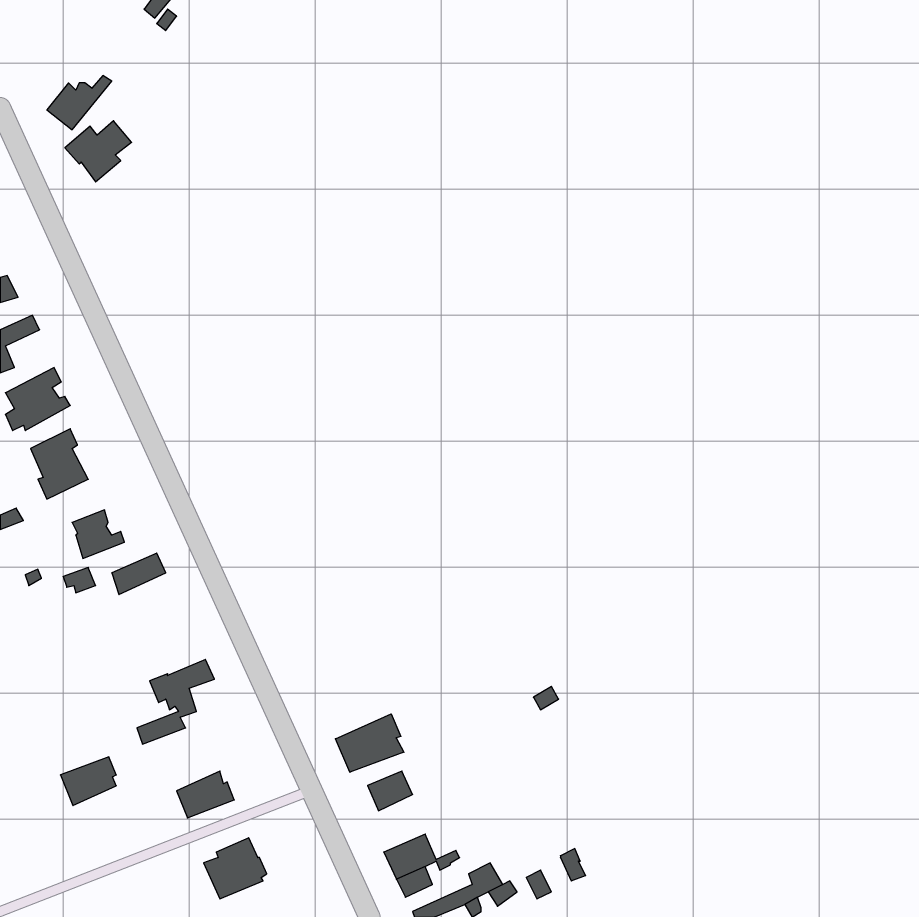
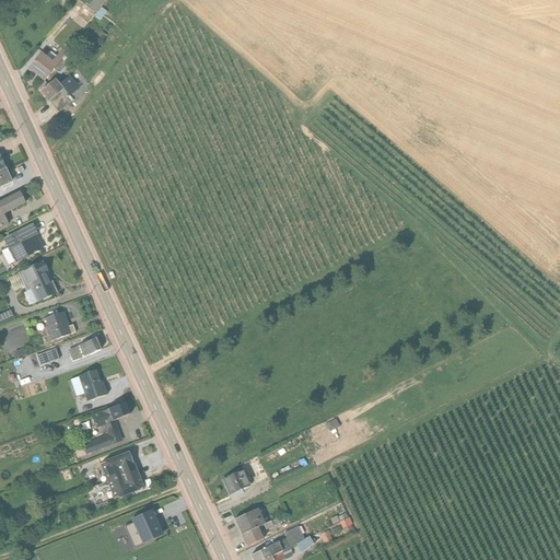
building: none -> [79,369,108,400]
building: [335,714,404,772] -> none
building: [60,757,116,806] -> [101,451,135,480]

